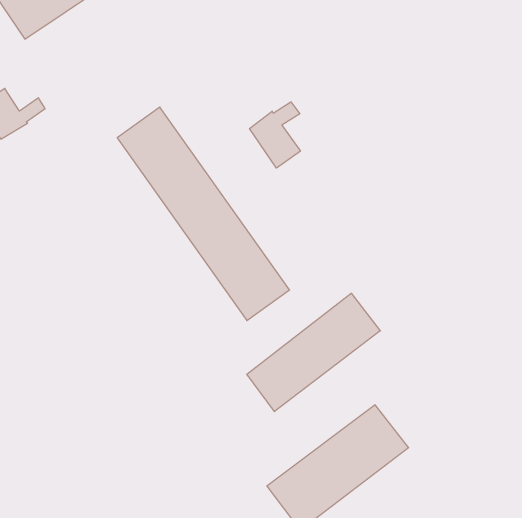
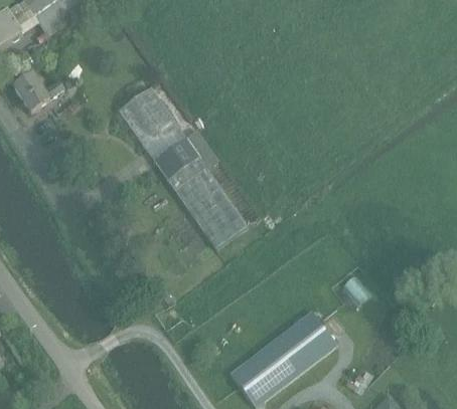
building: [250,102,300,168] -> none
building: [247,293,380,412] -> none

